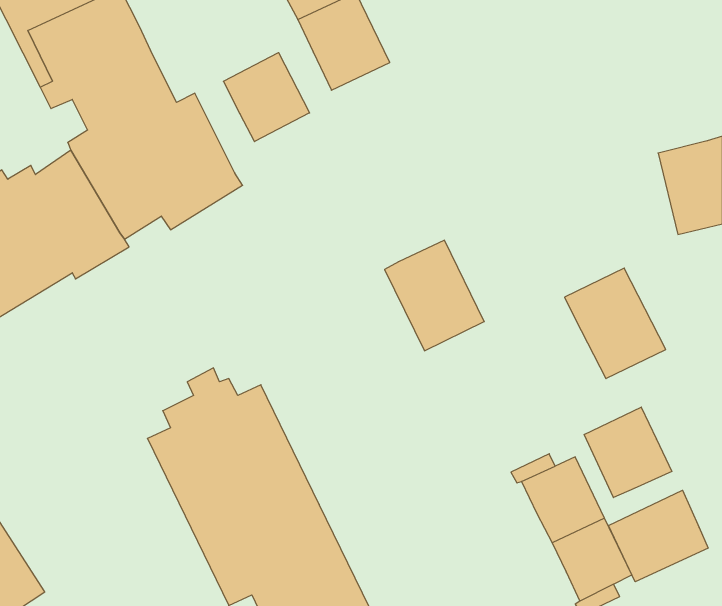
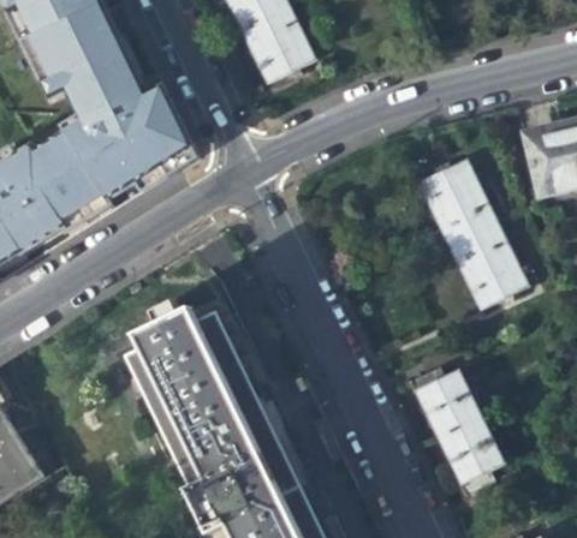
building: [223,53,310,142] -> none
building: [385,240,484,351] -> [420,159,498,245]
building: [584,407,672,498] -> none
building: [608,490,708,582] -> none

